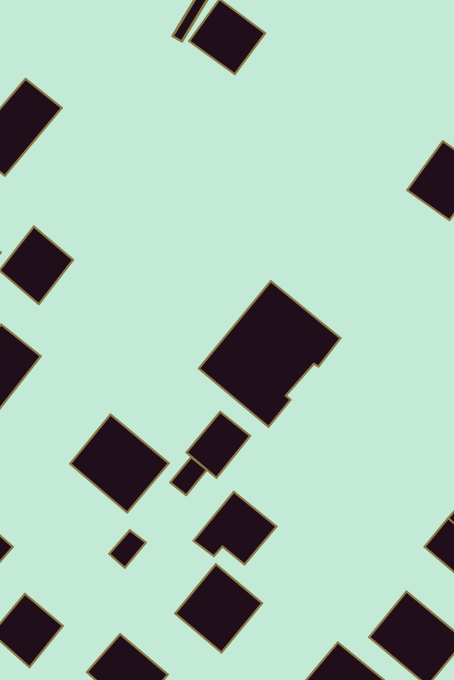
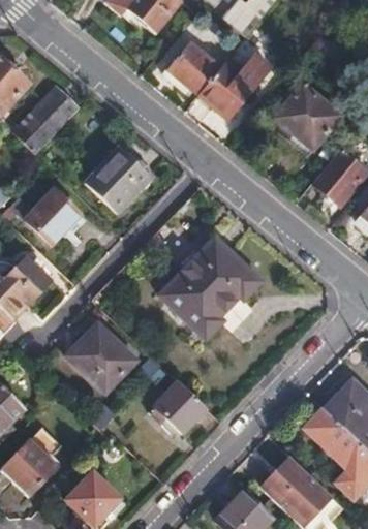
building: none -> [197,50,271,119]
building: none -> [273,83,340,150]
building: none -> [84,147,148,212]
building: [186,412,250,478] -> none
building: [175,564,262,652] -> none

